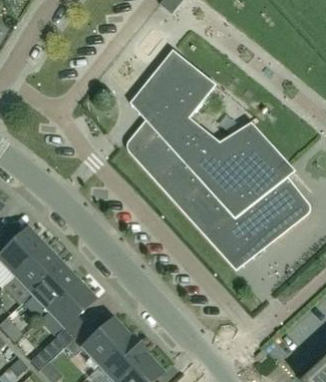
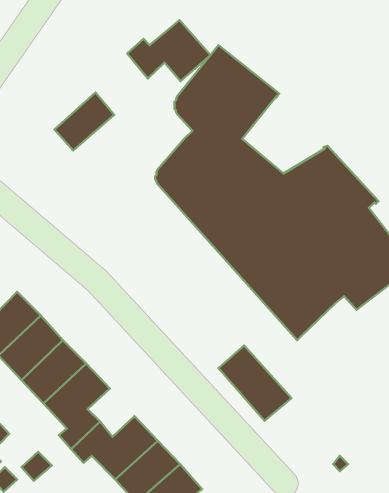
building: none -> [127,20,211,81]
building: none -> [54,93,114,150]
building: none -> [219,345,292,421]

